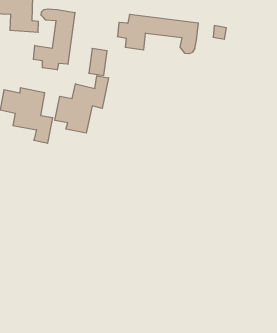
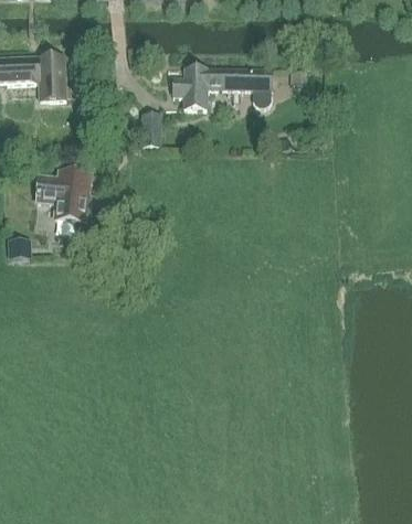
building: [33,9,75,70] -> none
building: [55,76,109,133] -> none

